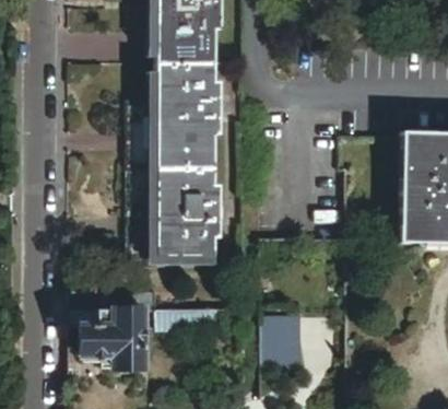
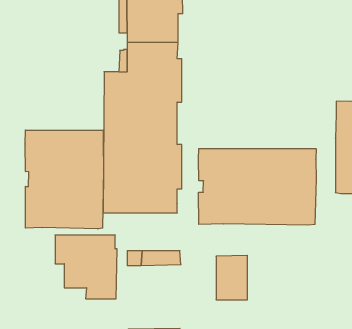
building: none -> [25,130,103,229]
building: none -> [198,149,316,225]

